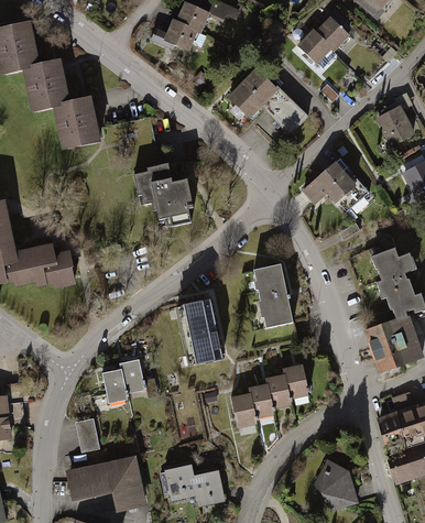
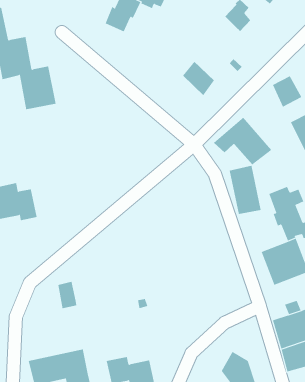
building: [296,28,331,64] -> none
building: [226,69,276,118] -> none
building: [133,162,194,227] -> none
building: [253,263,295,326] -> [229,165,262,215]
building: [179,297,221,361] -> none
building: [120,358,145,393] -> none
building: [231,364,308,426] -> none
building: [76,421,99,454] -> none

